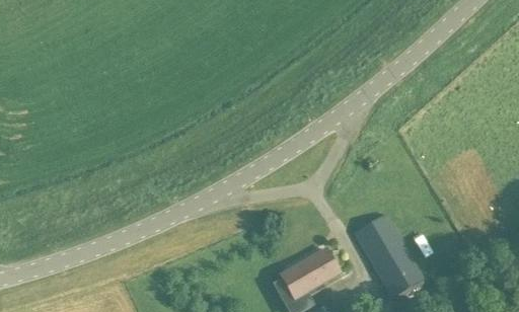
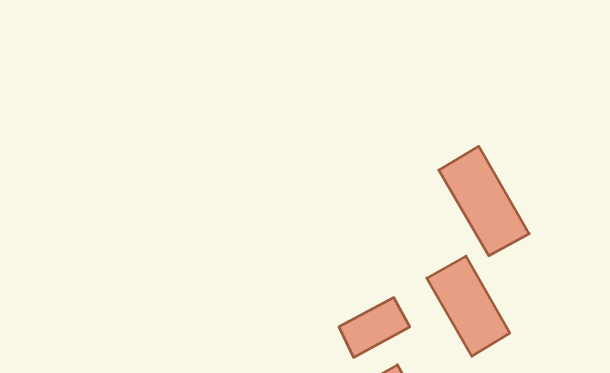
building: none -> [439,146,529,256]

